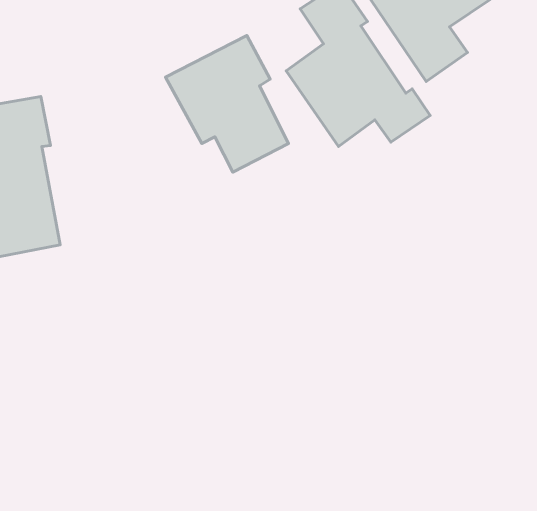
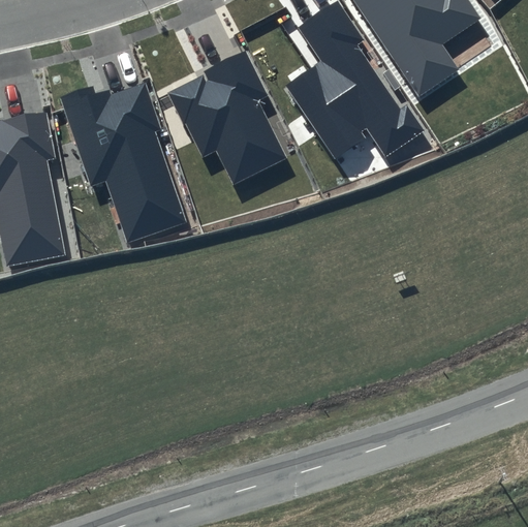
building: none -> [60,81,186,243]

